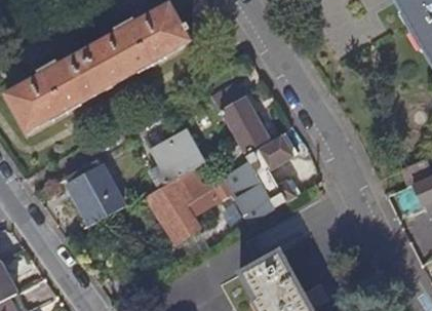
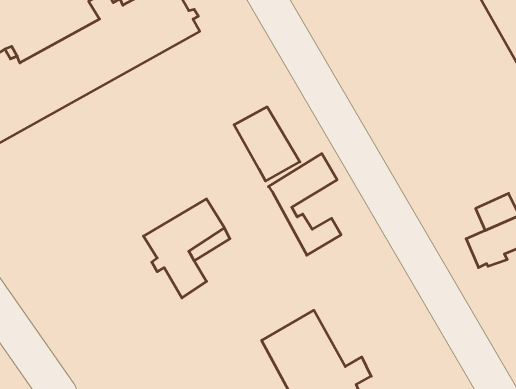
building: [151,131,203,180] -> none
building: [224,142,273,219] -> none
building: [66,157,124,222] -> none

